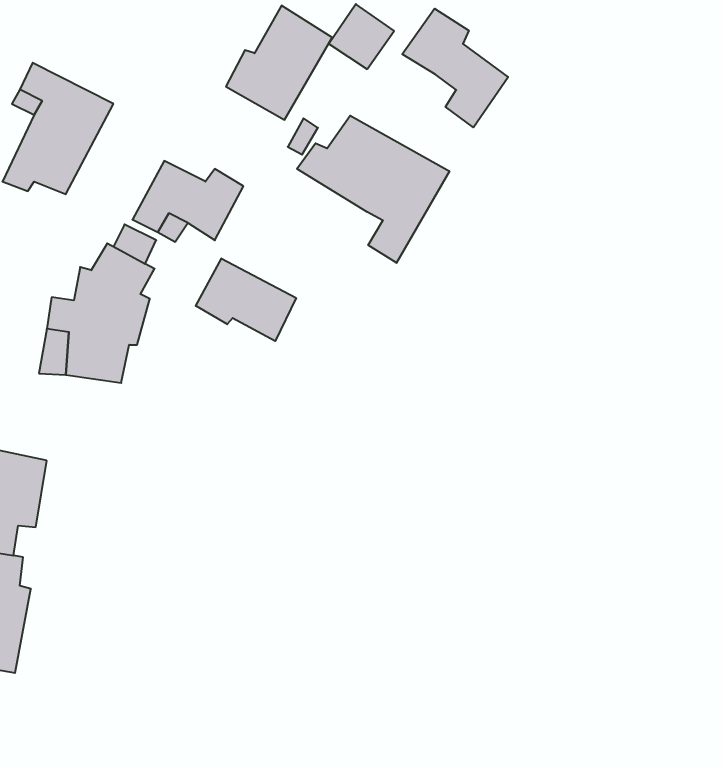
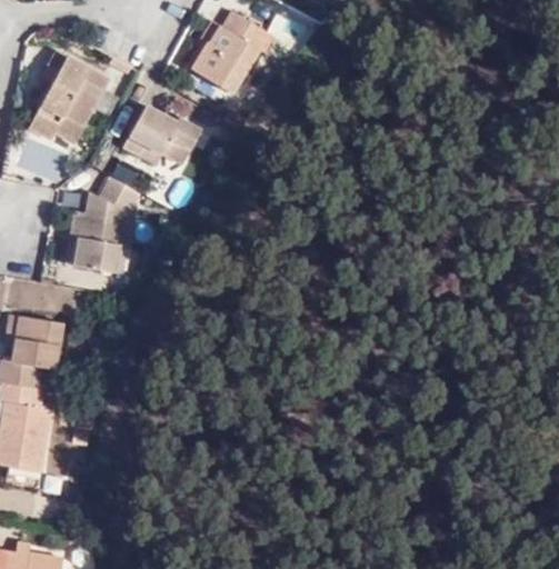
building: [402,9,508,127] -> none
building: [297,116,449,263] -> none
building: [196,258,296,341] -> none

